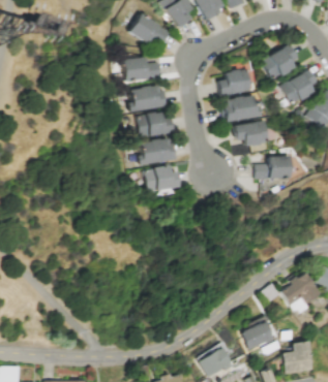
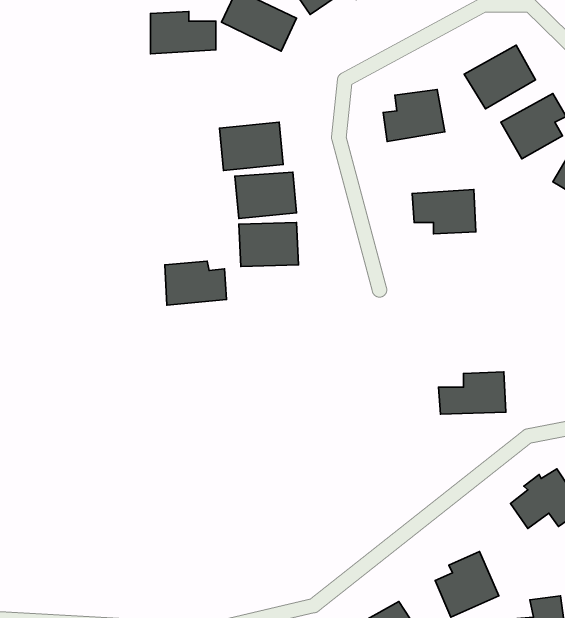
building: [125,58,160,81] -> [150,11,216,54]
building: [221,97,259,120] -> none
building: [255,156,291,179] -> [438,372,506,414]
building: [146,167,179,191] -> [165,261,227,305]

